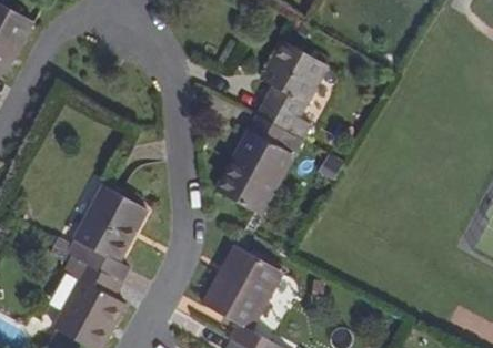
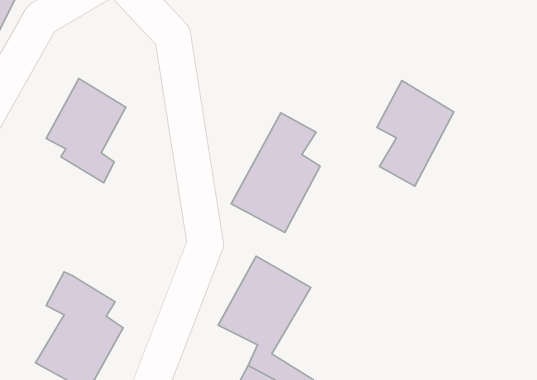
building: [256,45,322,135] -> [377,80,454,186]
building: [69,191,137,279] -> [46,79,126,183]

